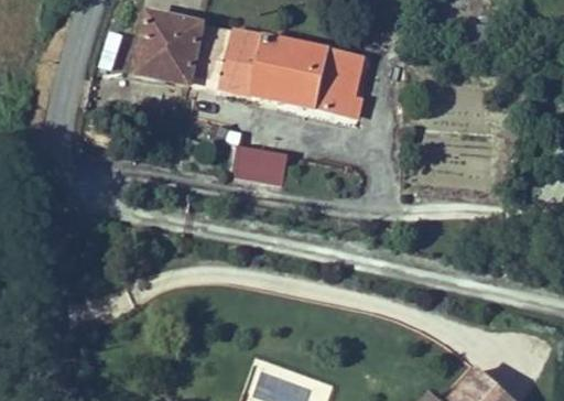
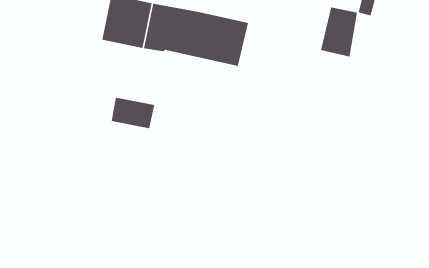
building: [313,47,361,112] -> [320,7,358,57]
building: [229,140,286,181] -> [111,97,155,129]

